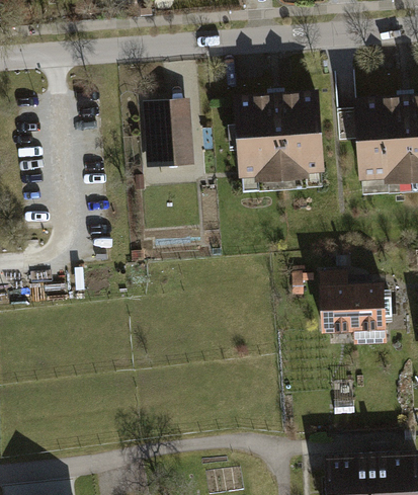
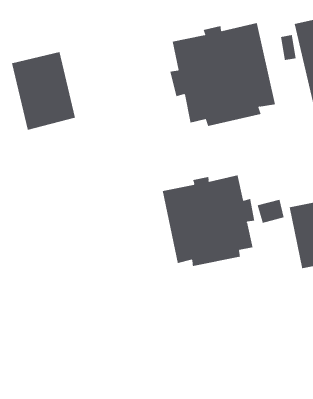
building: [141,102,193,172] -> [11,51,76,130]
building: none -> [162,174,255,267]

